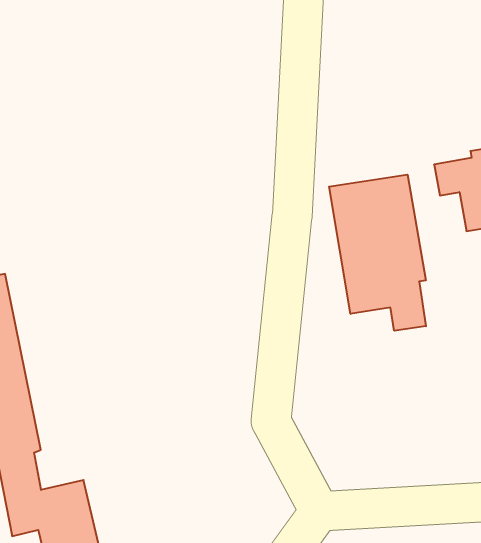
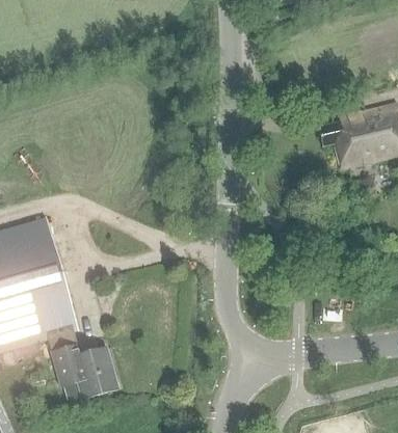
building: [329,175,426,331] -> none

